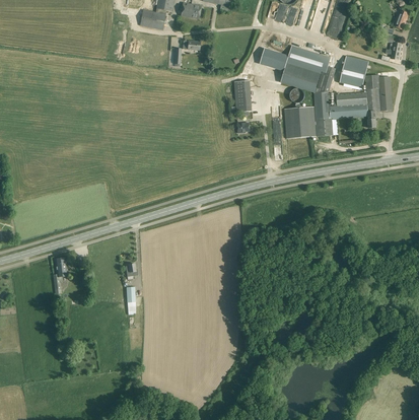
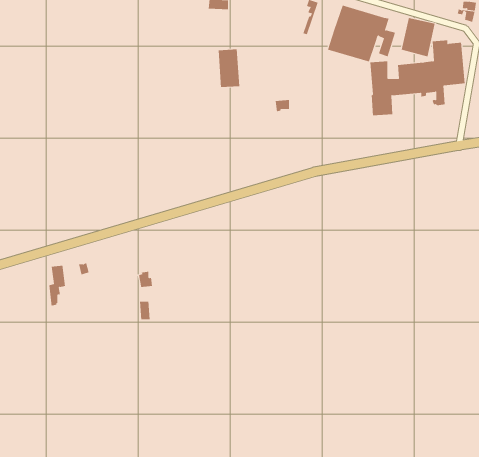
building: [234,80,253,112] -> [218,49,240,88]
building: [284,107,317,138] -> none

